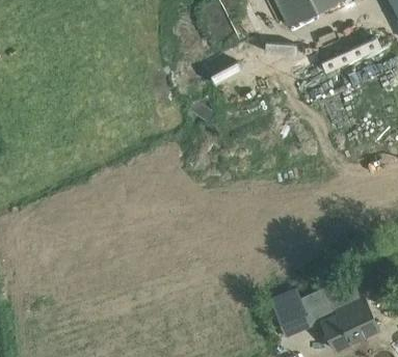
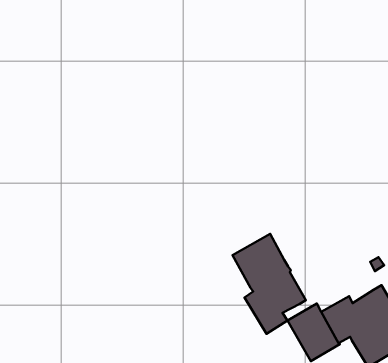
building: none -> [232,234,306,334]

